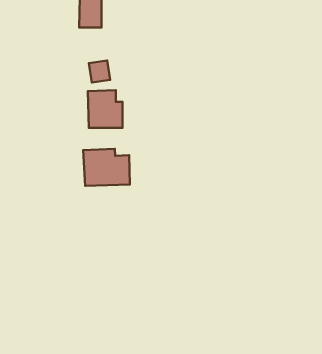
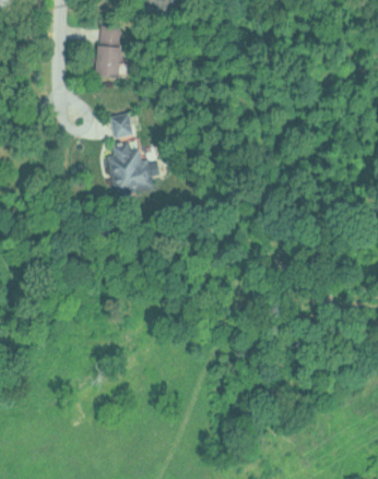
building: [83,149,130,186] -> none

